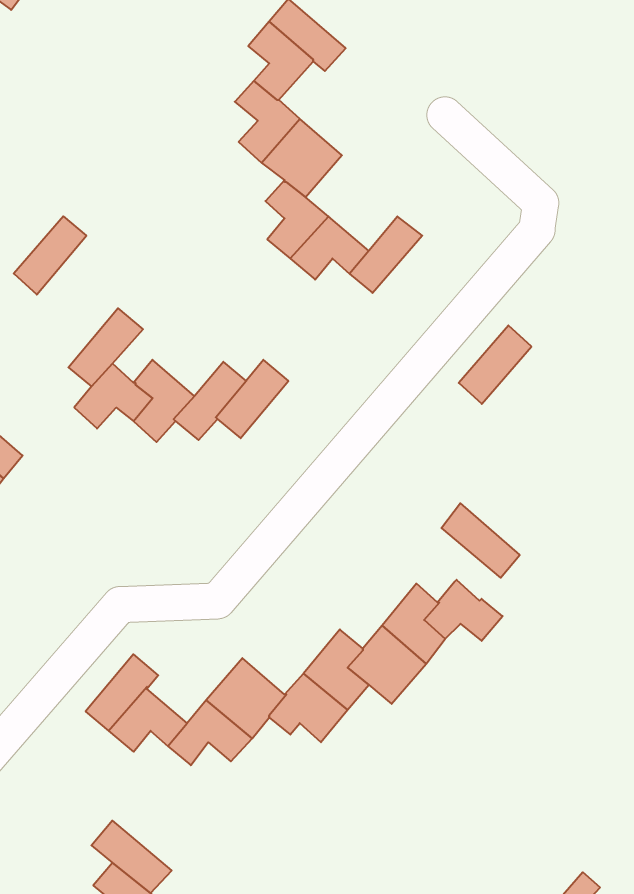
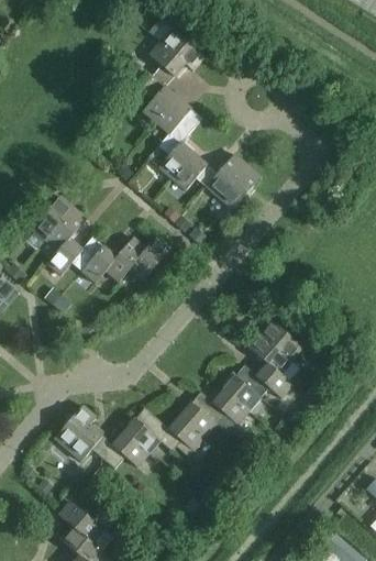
building: [14,216,86,295] -> [31,195,73,240]
building: [459,325,531,404] -> [219,164,261,209]
building: none -> [246,332,292,374]

